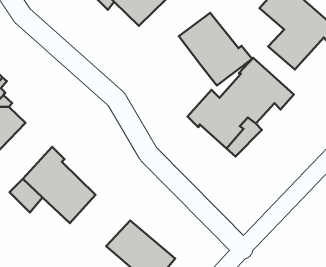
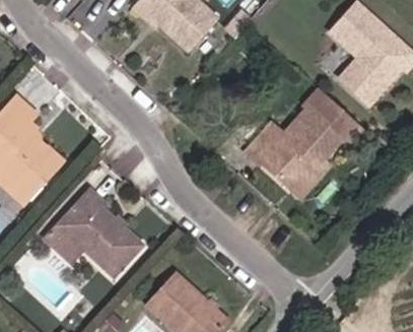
building: [179,13,252,86] -> none

